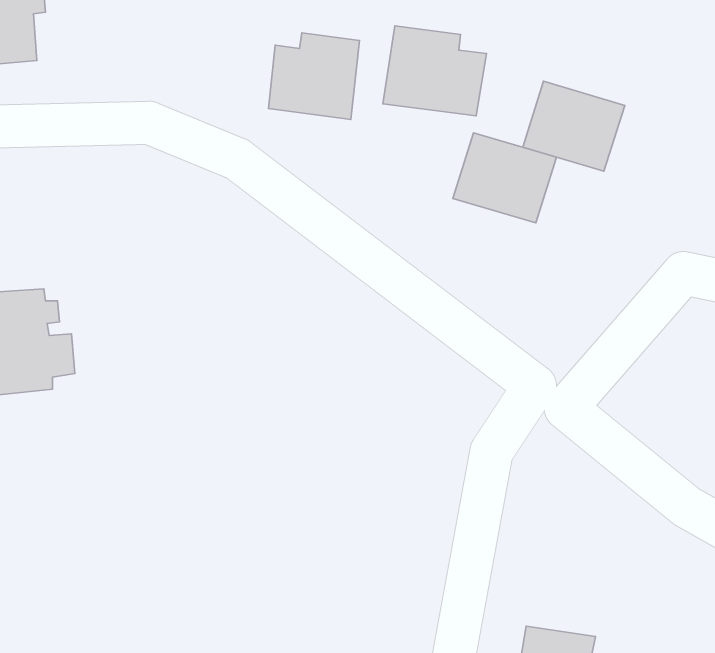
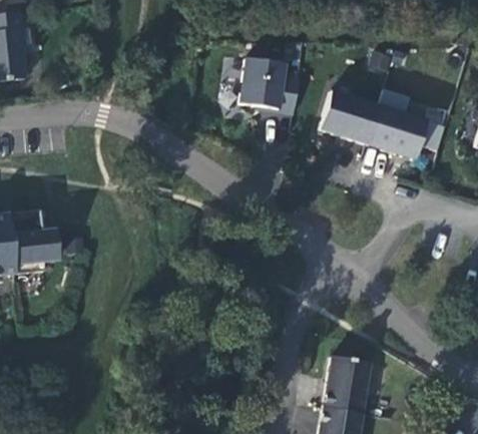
building: [269,33,359,119] -> none
building: [453,133,556,223] -> [365,104,425,156]
building: none -> [320,355,368,412]

